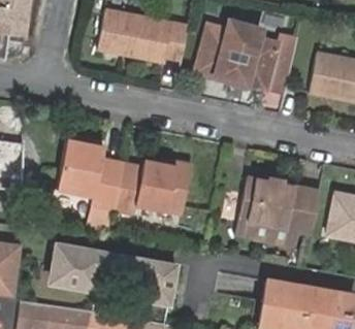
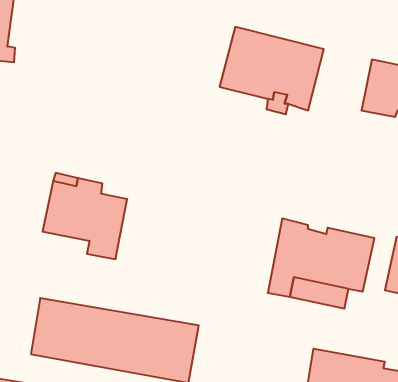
building: [98,9,189,64] -> none
building: [114,159,193,213] -> none

